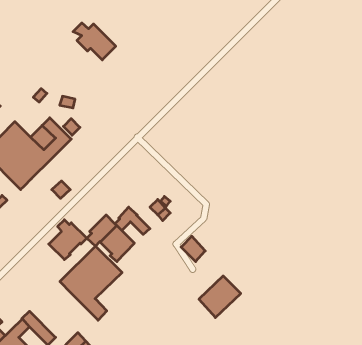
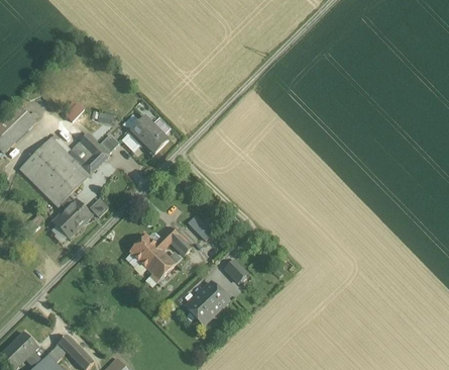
building: [73,23,116,60] -> [124,114,169,153]
building: [49,220,87,260] -> [52,196,92,238]
building: [60,246,122,320] -> none
building: [199,276,241,318] -> [186,281,229,325]

